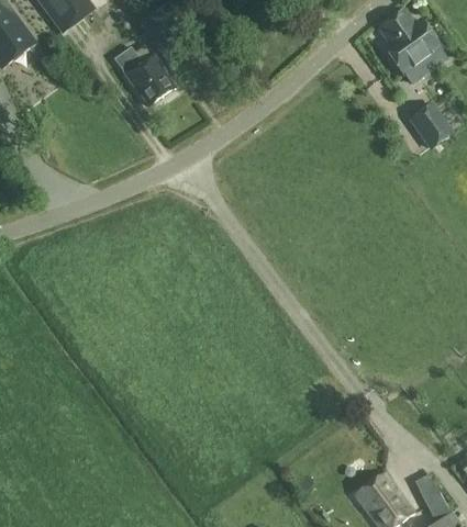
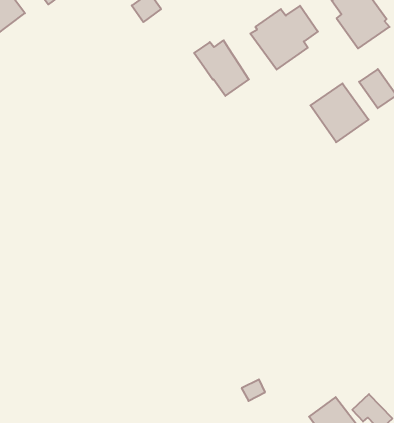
building: none -> [250,6,318,70]
building: [114,43,176,105] -> [194,40,249,96]
building: none -> [310,83,369,142]

